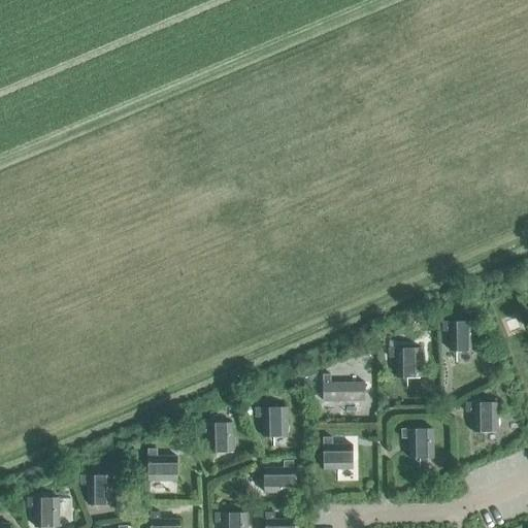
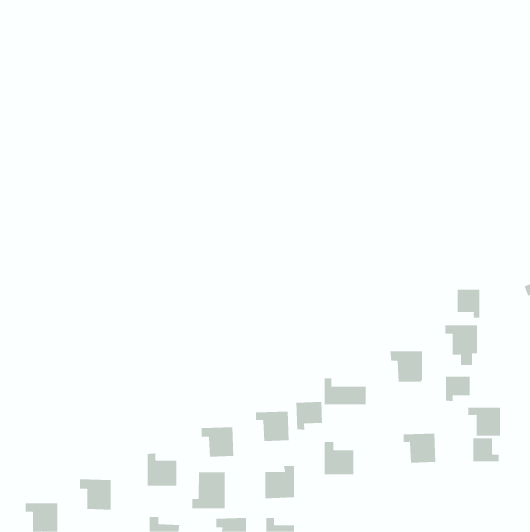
building: none -> [457,289,480,318]
building: none -> [446,376,470,402]
building: none -> [296,401,322,430]
building: none -> [473,438,499,462]
building: none -> [192,471,225,509]

